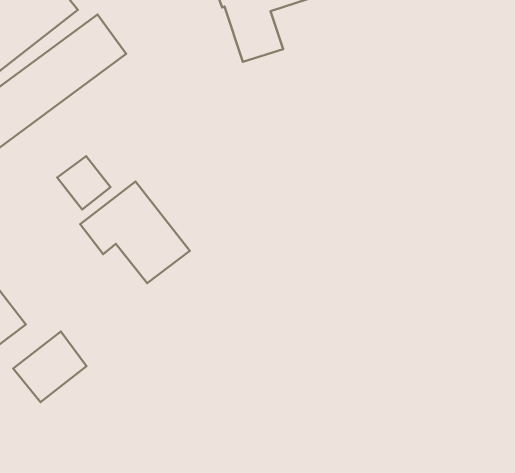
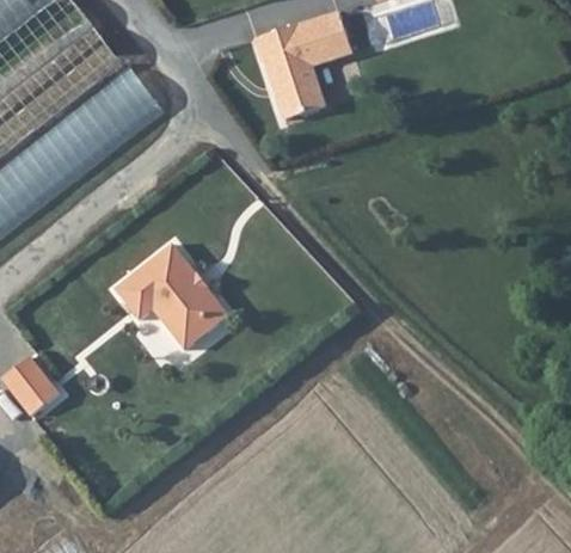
building: [57,156,110,210] -> none
building: [13,331,86,402] -> none

